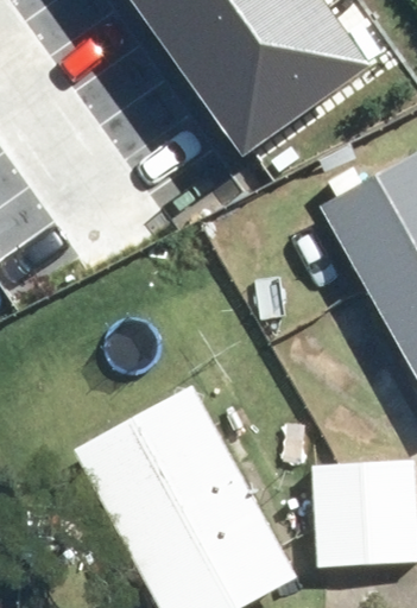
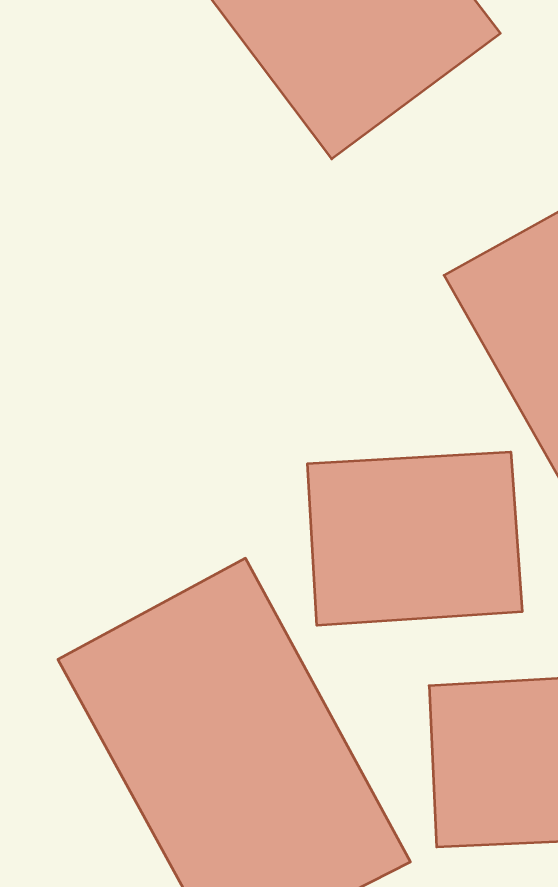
building: none -> [308,452,522,625]

